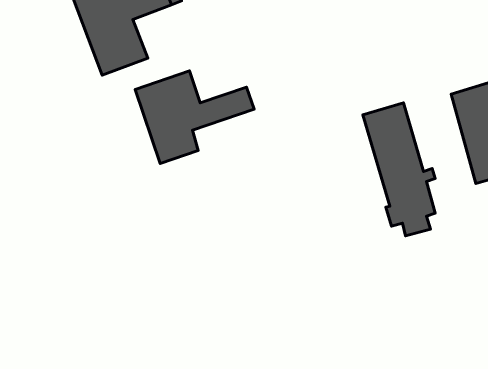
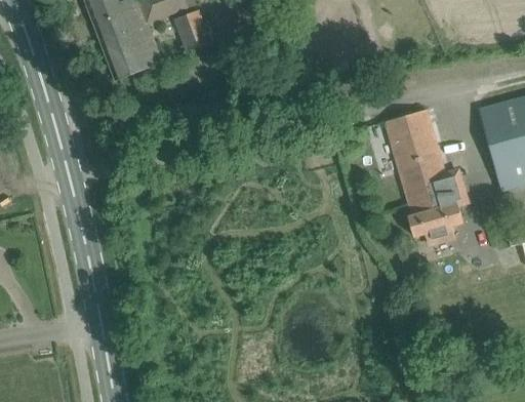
building: none -> [174,9,210,51]
building: [135,71,254,164] -> none

